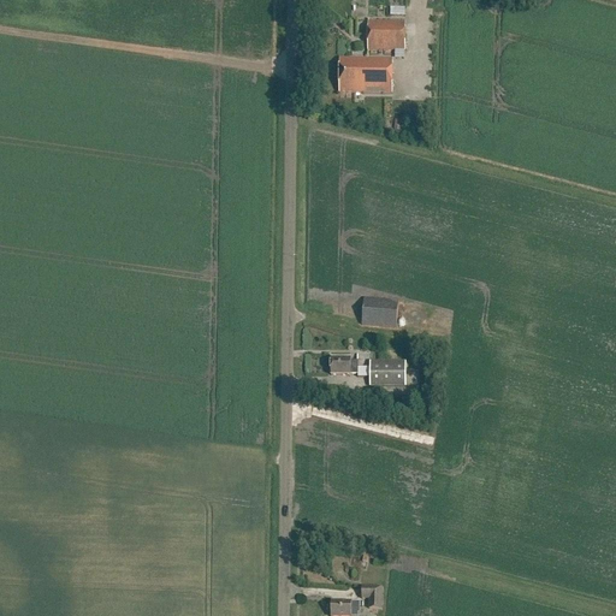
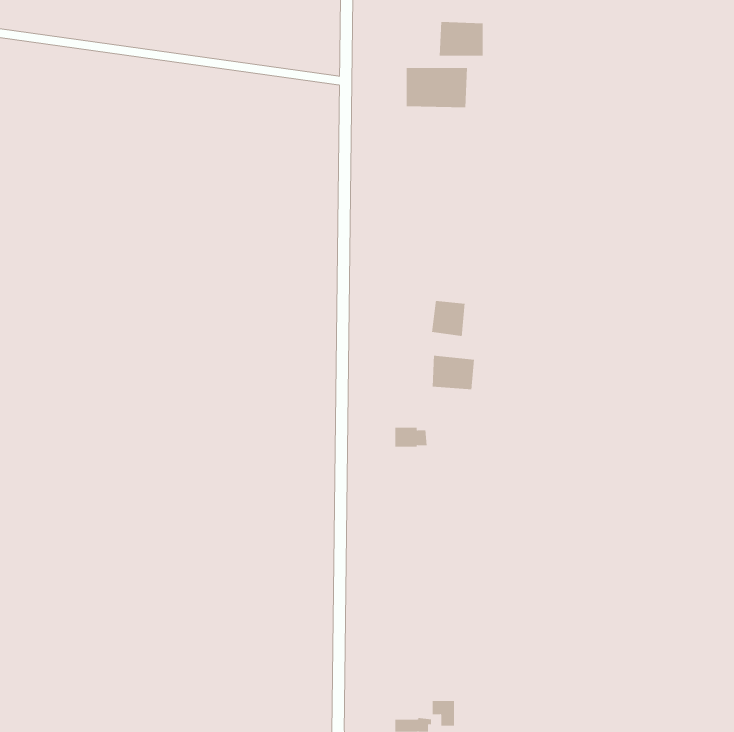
building: none -> [431,300,465,337]
building: [368,361,405,385] -> none

